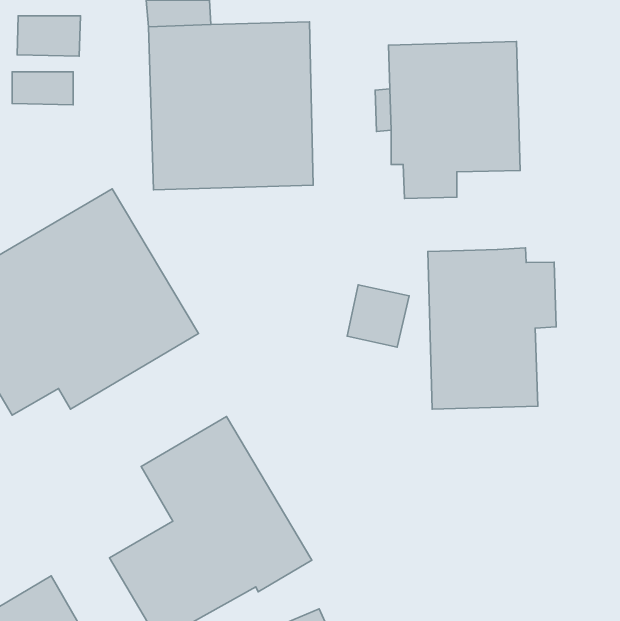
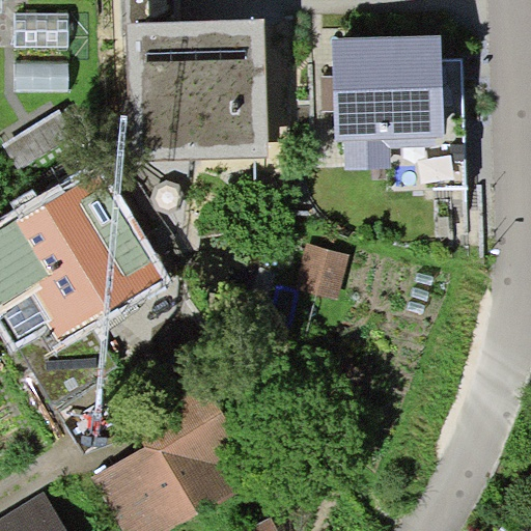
building: [428,248,556,409] -> none

